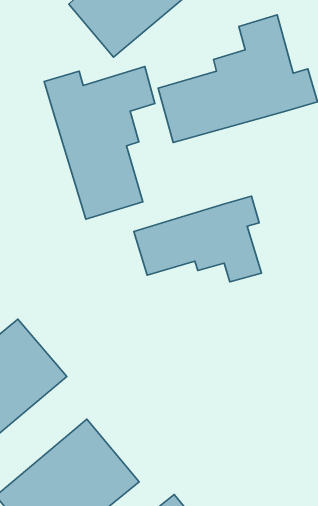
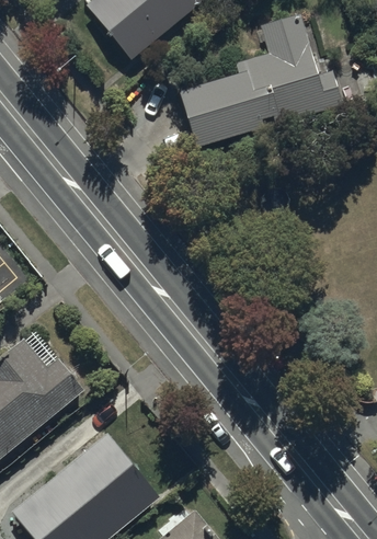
building: [44,67,155,219] -> none
building: [134,196,261,282] -> none

